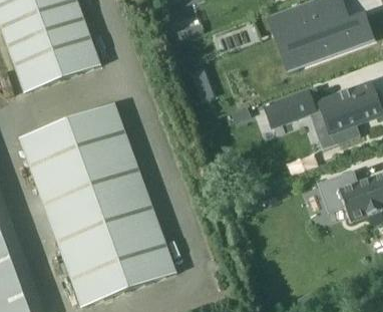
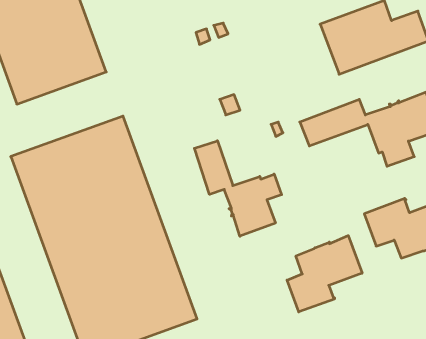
building: none -> [194,141,282,236]
building: none -> [287,236,362,312]

